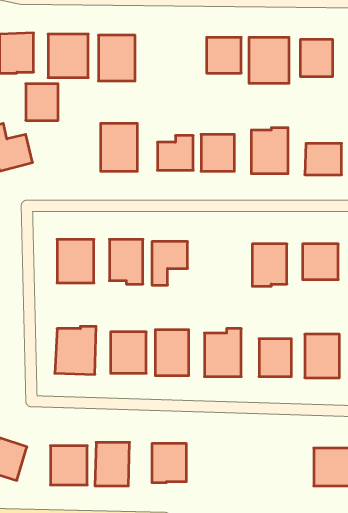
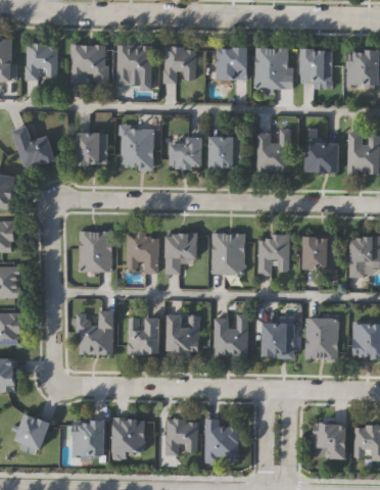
building: none -> [162,46,195,83]
building: [26,84,58,120] -> [77,132,106,165]
building: none -> [211,233,244,274]
building: none -> [204,419,238,462]

